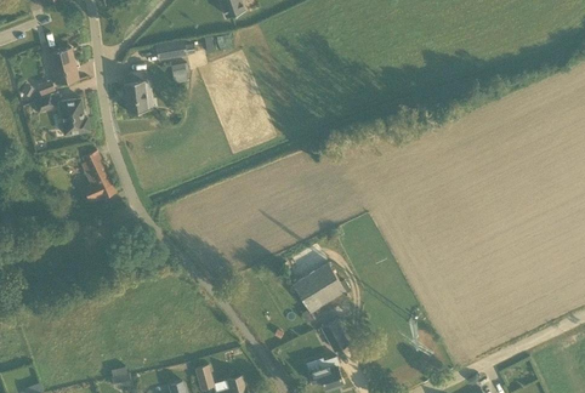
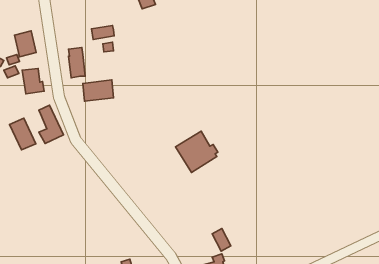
building: none -> [83,80,114,101]
building: none -> [9,118,36,150]
building: [291,261,350,318] -> [176,131,218,172]

